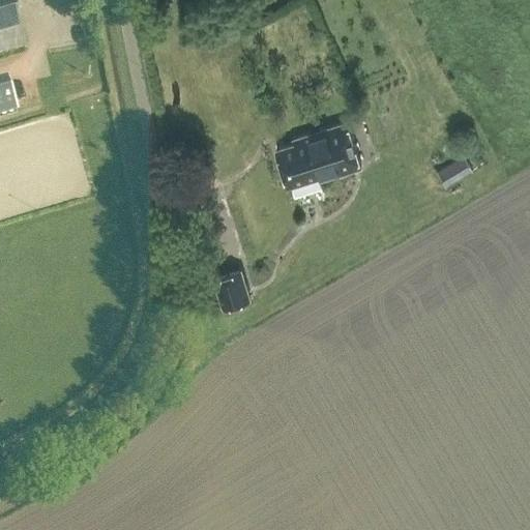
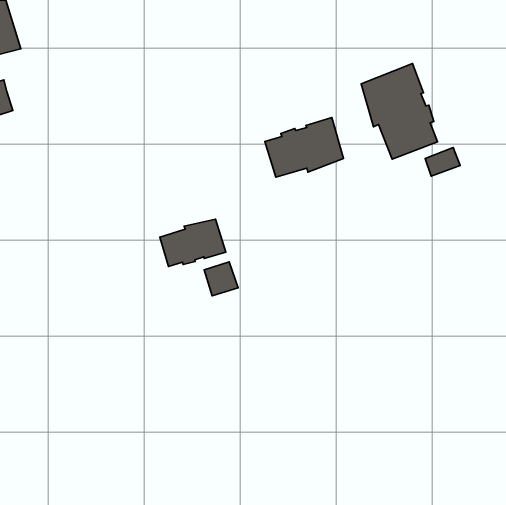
building: none -> [361,64,438,159]
building: none -> [160,219,226,266]

